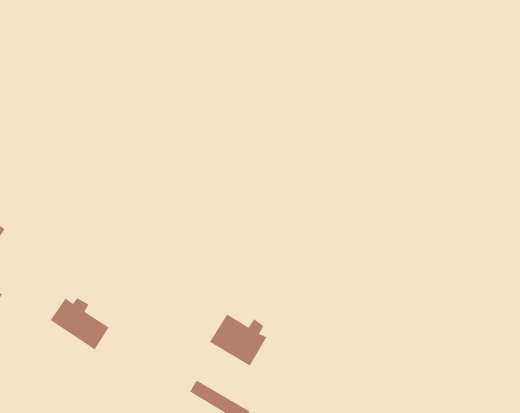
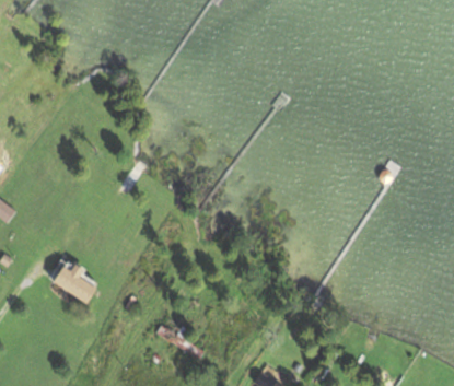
building: [209,314,267,367] -> none

